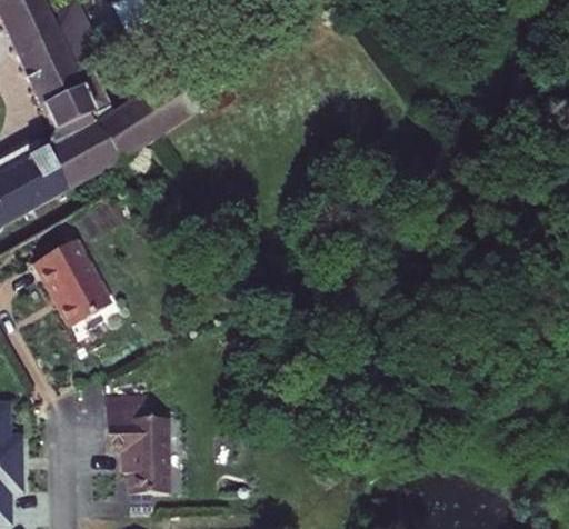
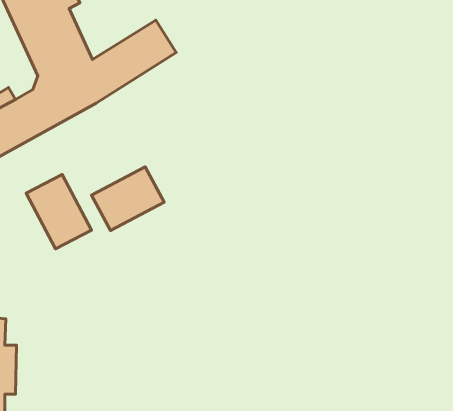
building: none -> [92,167,164,230]
building: [109,413,170,501] -> none

